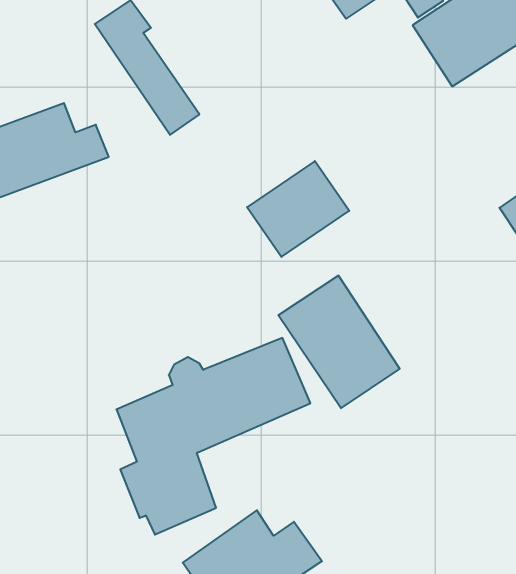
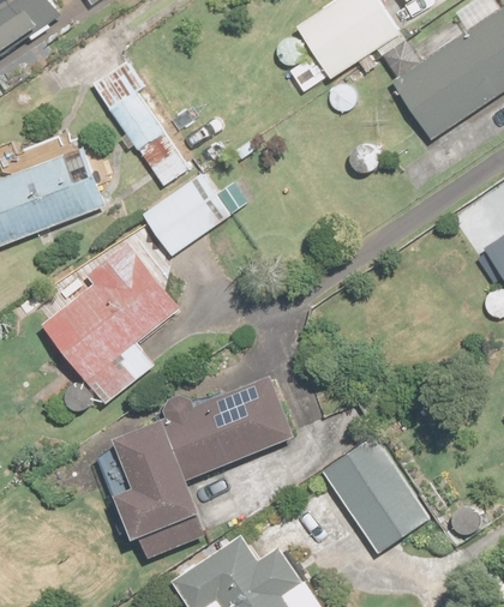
building: [247,161,349,257] -> [138,167,234,257]
building: none -> [41,241,181,403]
building: [278,276,400,408] -> [318,434,432,559]

